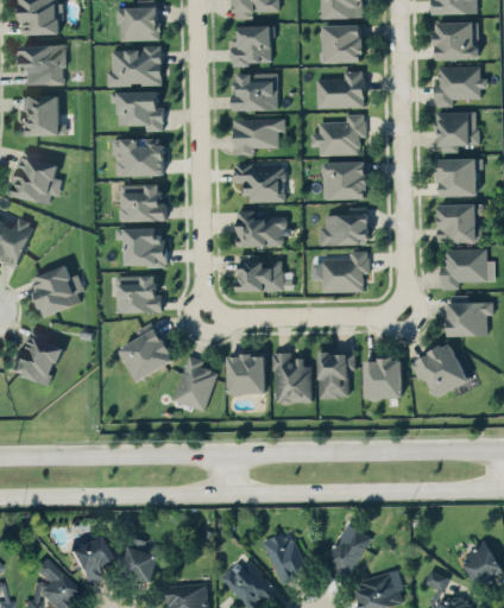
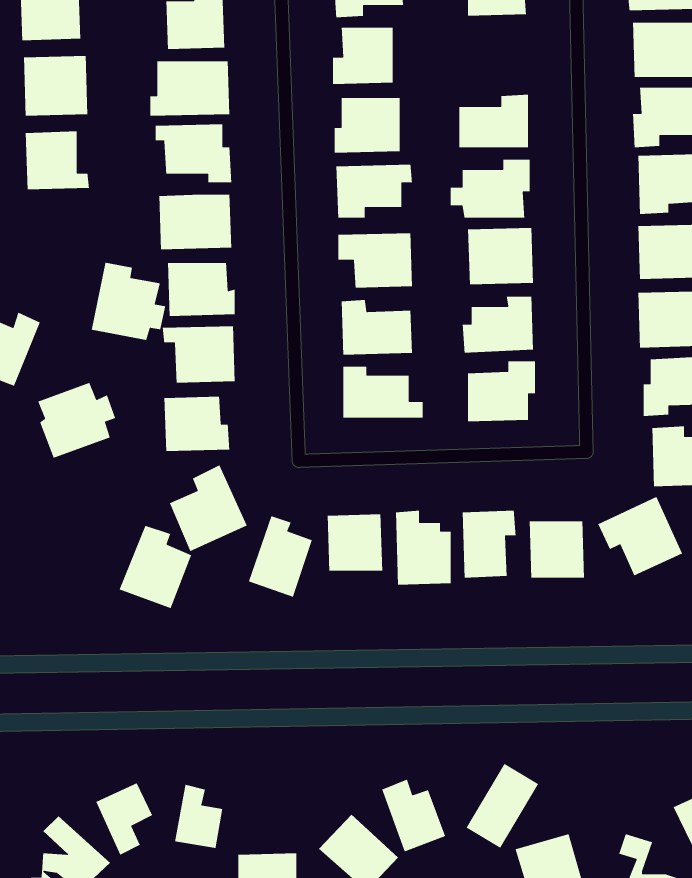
building: [322,24,363,63] -> none
building: [11,150,62,203] -> [91,262,166,341]
building: [12,328,62,385] -> [118,525,192,609]

